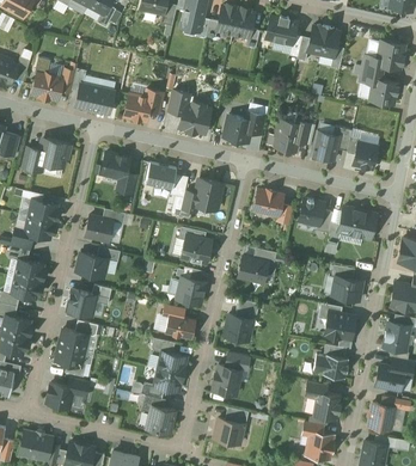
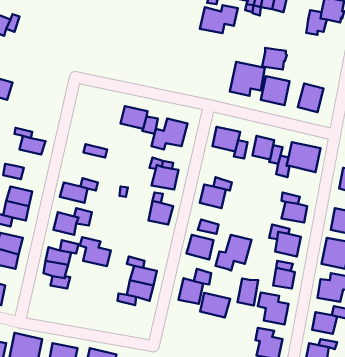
building: [30,70,66,103] -> none
building: [371,78,399,103] -> [262,48,287,69]
building: [75,82,114,115] -> none
building: [169,87,210,135] -> none
building: [123,88,165,123] -> none
building: [221,111,265,143] -> [200,5,238,33]
building: [23,136,68,172] -> none
building: [100,152,137,195] -> none
building: [24,215,54,240] -> none
building: [85,216,112,243] -> none
building: [160,305,196,338] -> [80,237,111,266]
building: none -> [216,235,251,270]
building: none -> [237,278,258,305]
building: [45,376,88,410] -> none
building: [146,405,175,434] -> none
building: [212,417,246,446] -> [200,293,230,318]

